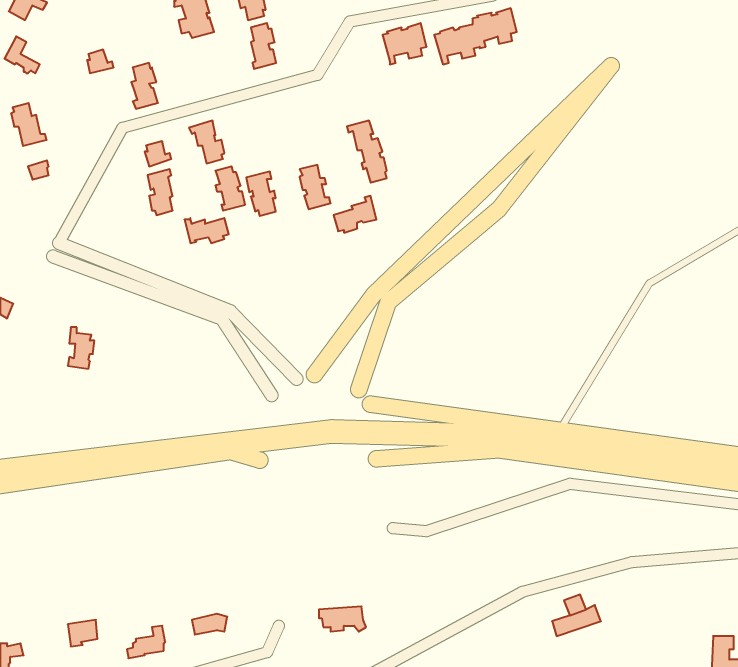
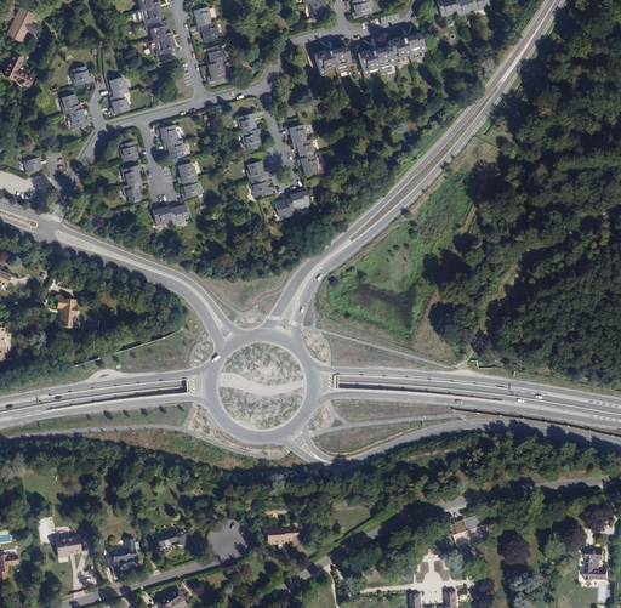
building: [11,103,47,146] -> [61,93,90,129]
building: [246,172,276,216] -> [237,112,261,148]

